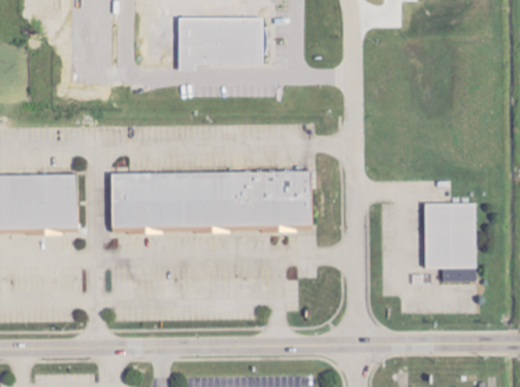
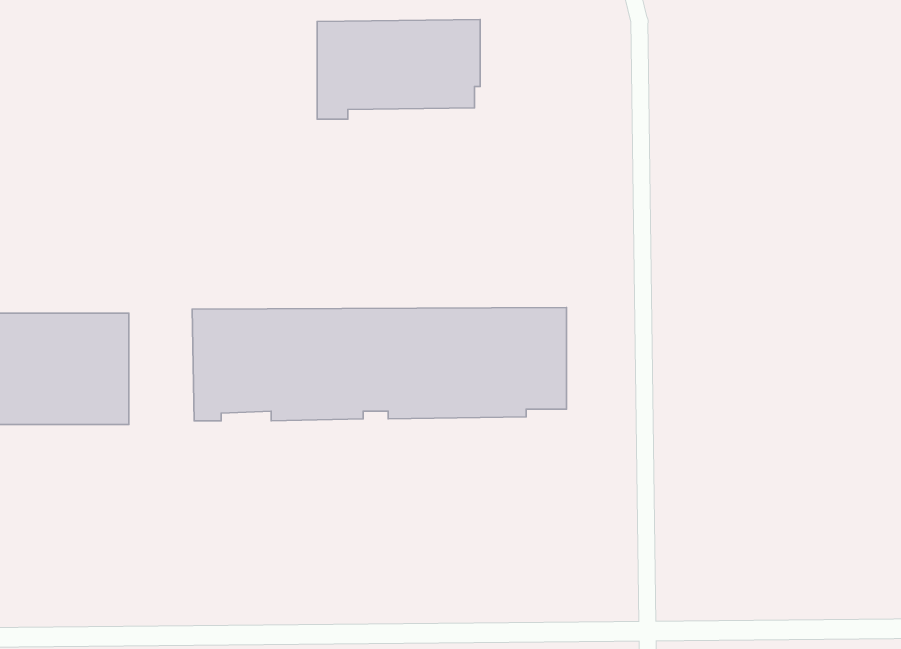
building: [424,201,477,281] -> none

